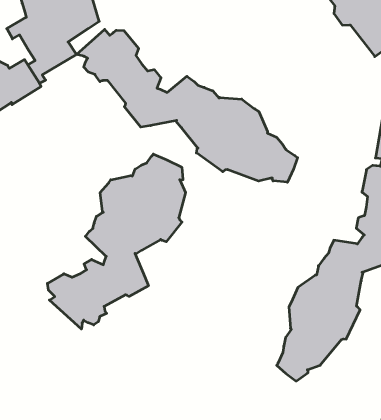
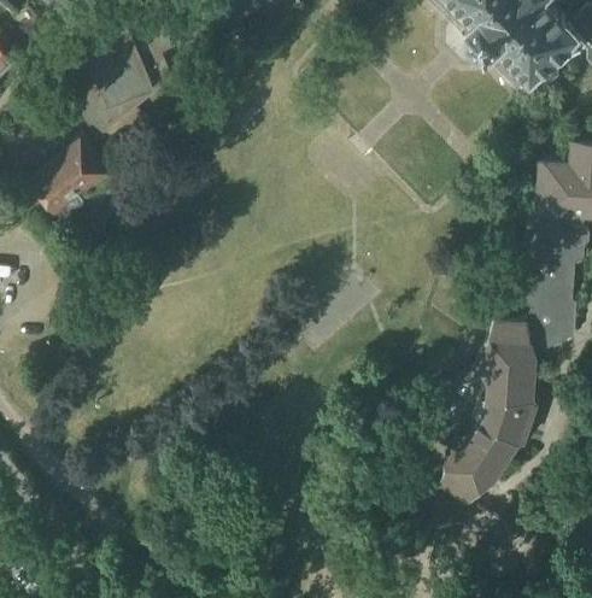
building: [76,29,298,182] -> none
building: [47,154,186,329] -> none

